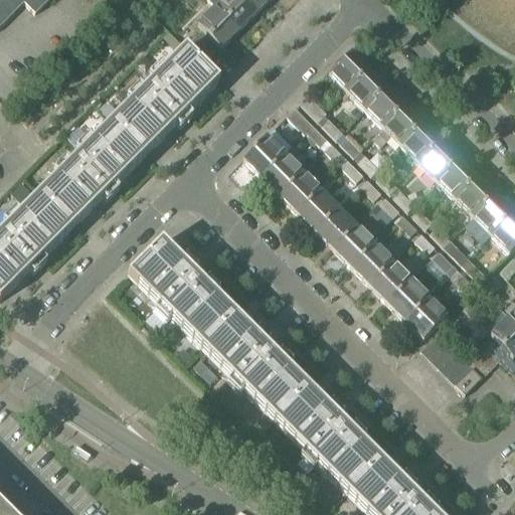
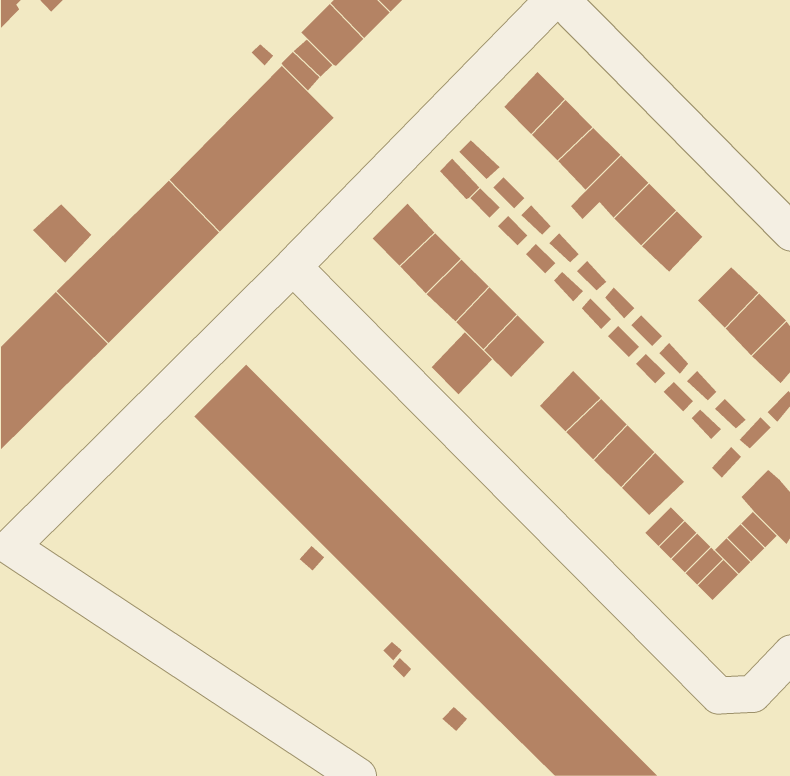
building: none -> [32,203,92,263]
building: [436,154,476,195] -> none
building: [333,222,373,264] -> [431,332,493,395]

